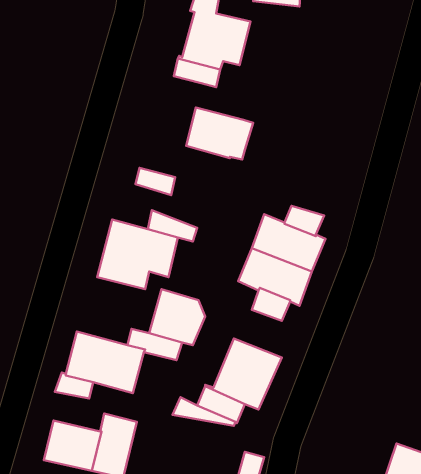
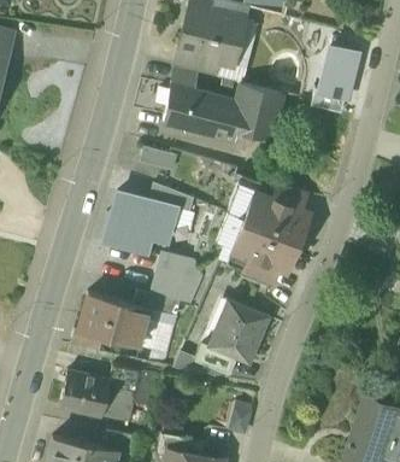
building: none -> [312,43,359,110]
building: none -> [164,68,199,129]
building: none -> [236,84,283,141]

